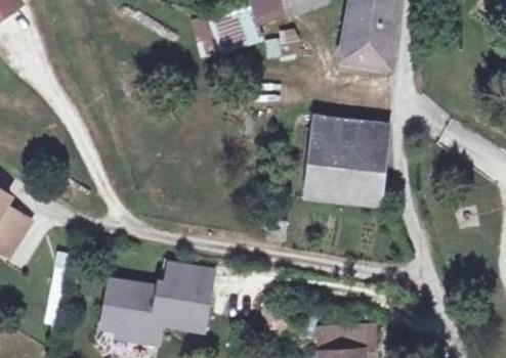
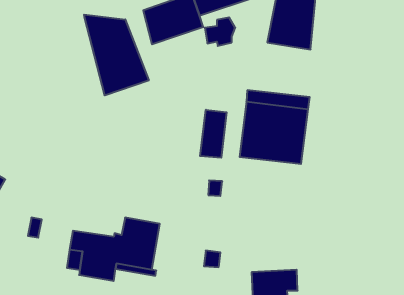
building: none -> [84,15,149,95]
building: none -> [200,110,227,158]

